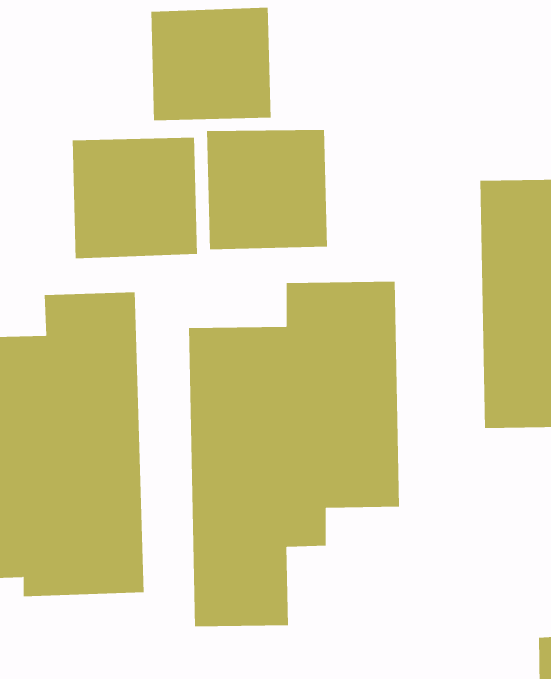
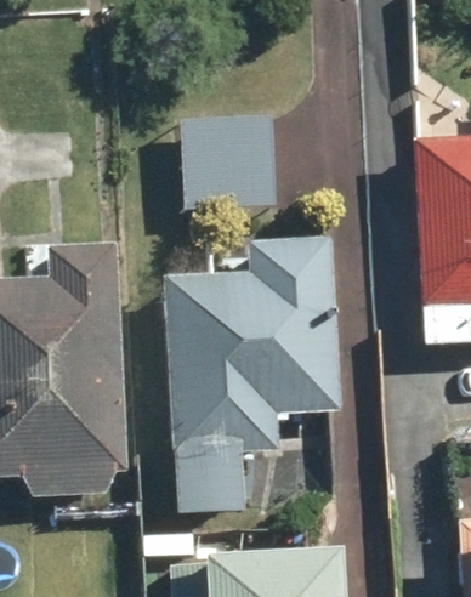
building: [151,7,271,121] -> none
building: [72,137,197,259] -> none

